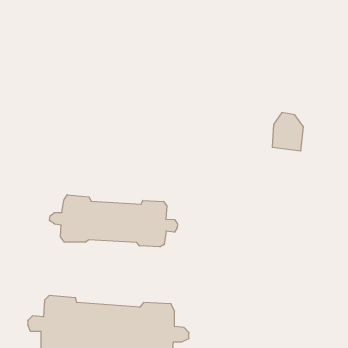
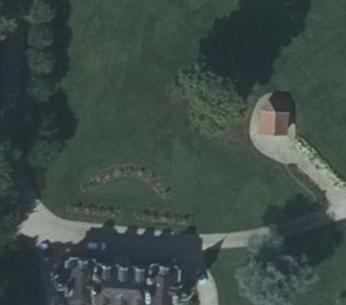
building: [49,195,178,247] -> none

